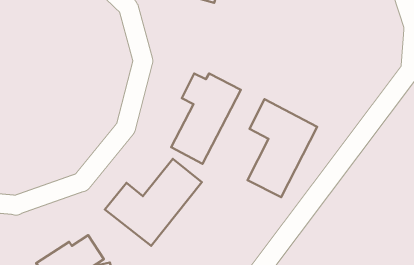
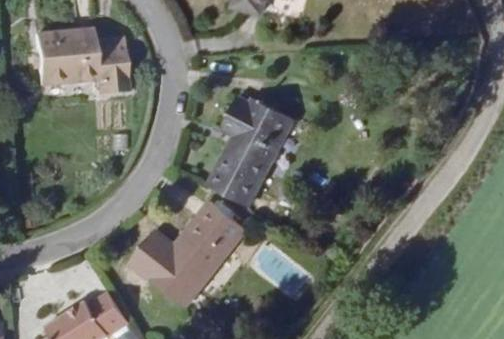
building: none -> [33,30,127,96]
building: [248,99,317,197] -> none

